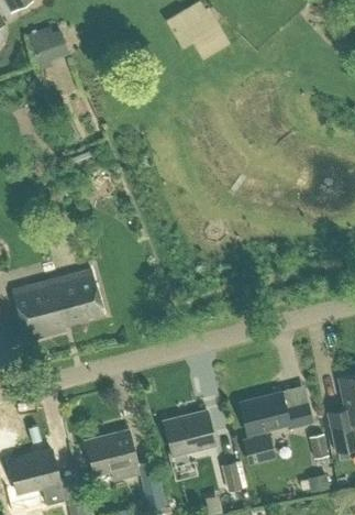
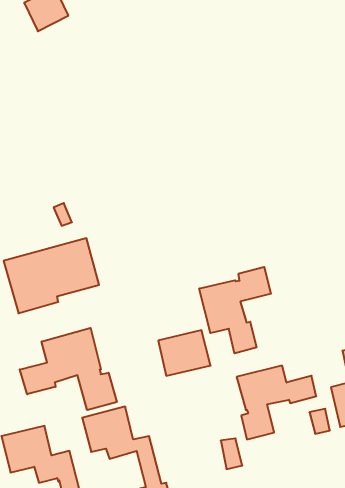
building: none -> [199,267,271,353]
building: none -> [20,328,117,410]
building: [165,413,215,457] -> [158,330,211,376]

